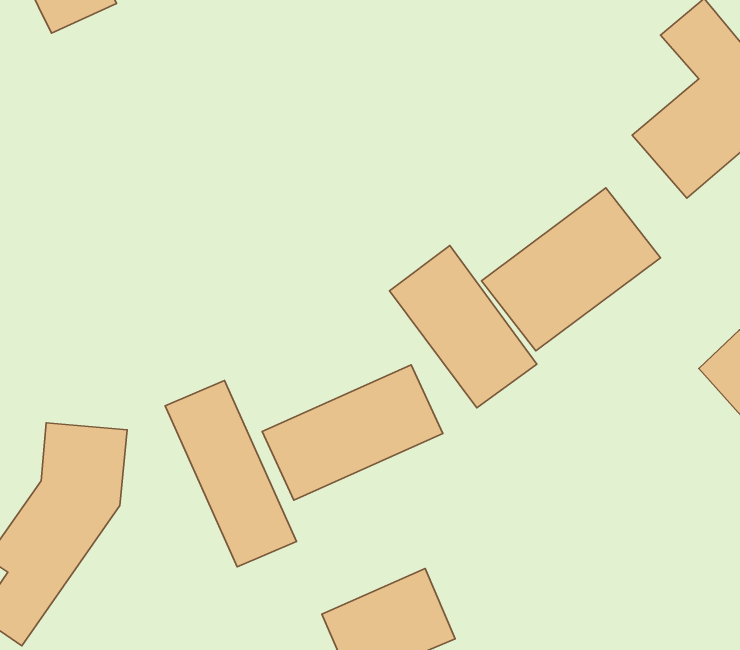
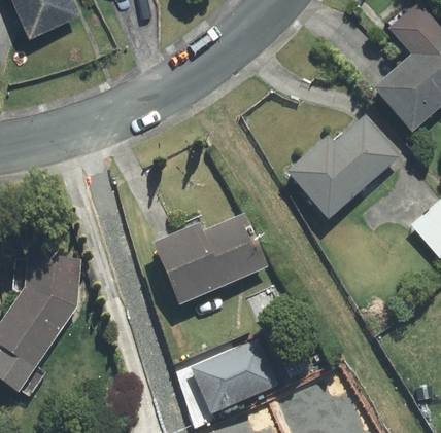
building: [389,246,537,408] -> none
building: [165,380,296,567] -> none

